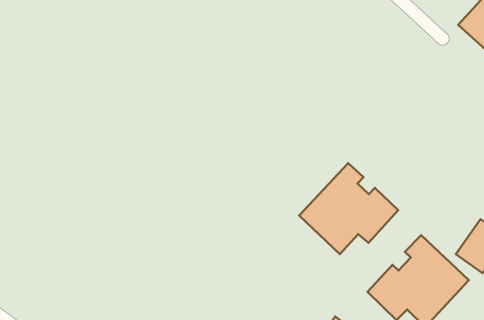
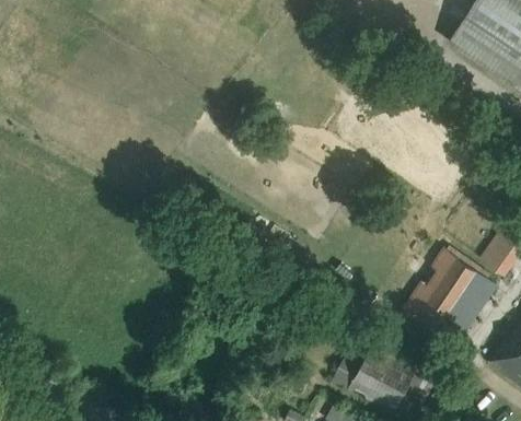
building: [299,163,398,254] -> none

